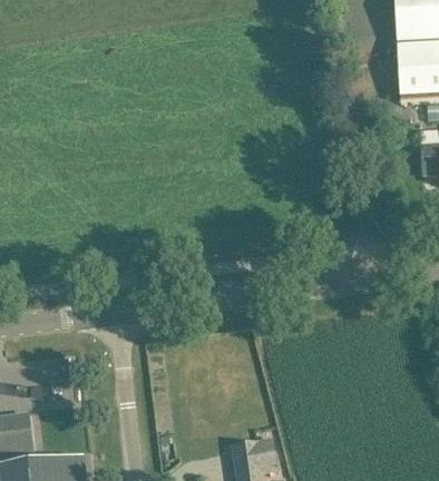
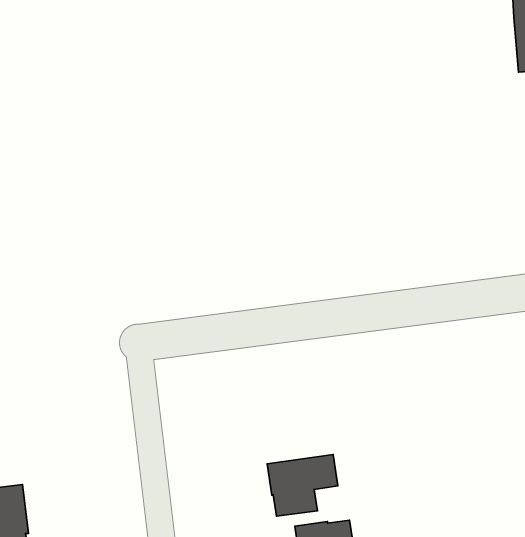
building: none -> [267,455,338,516]

